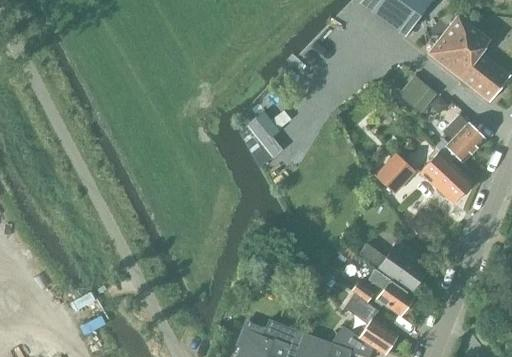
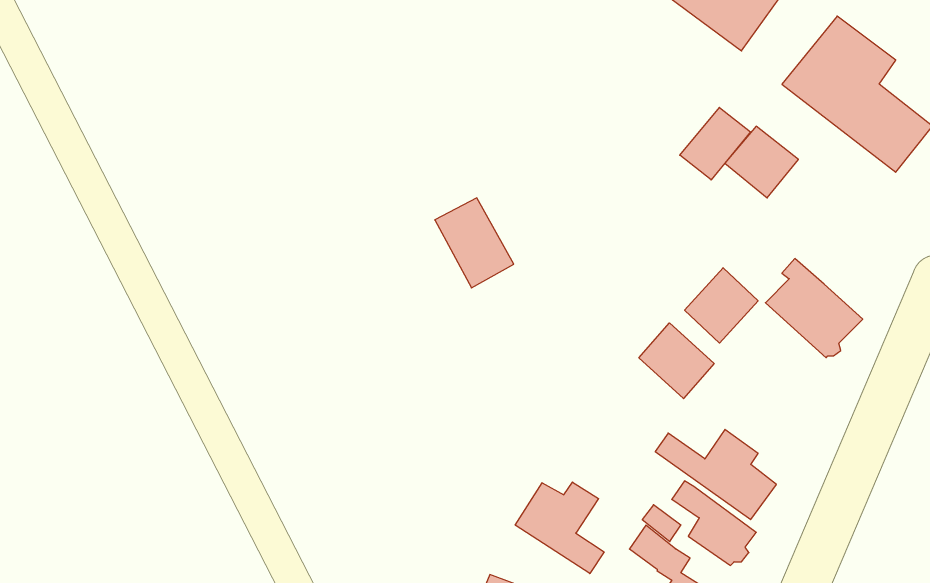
building: none -> [680,107,751,180]
building: [435,115,485,162] -> none
building: none -> [639,323,714,399]
building: none -> [515,482,604,574]

